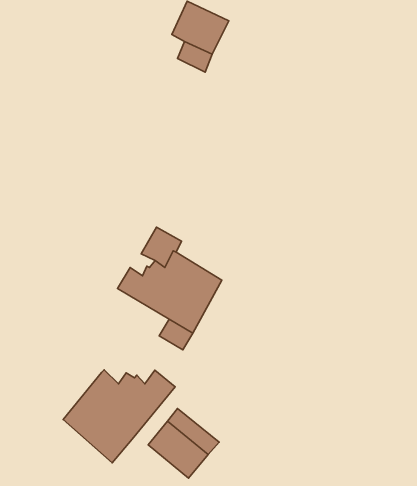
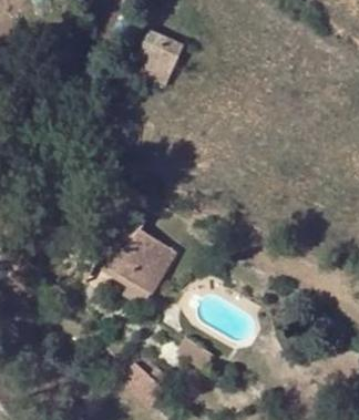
building: [63,370,175,463] -> none

